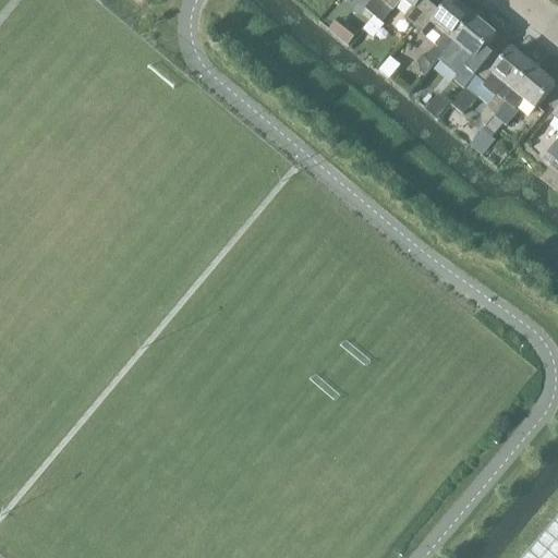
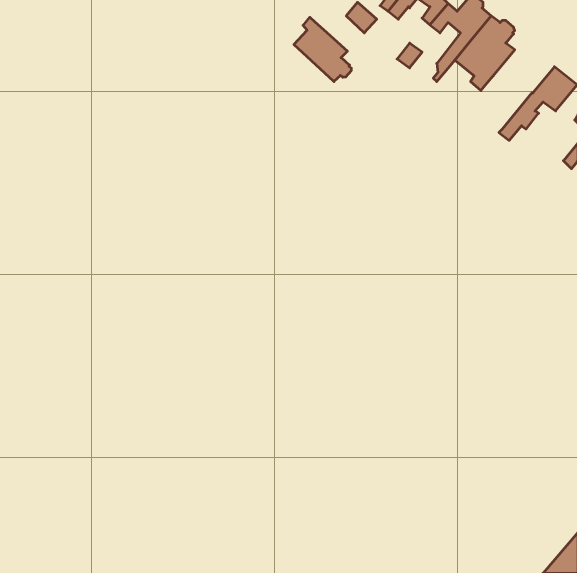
building: none -> [294,17,351,82]
building: [469,47,535,124] -> none

